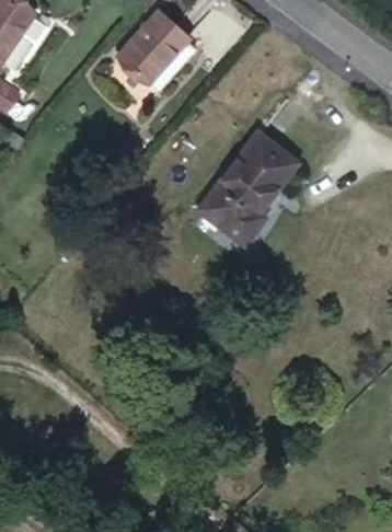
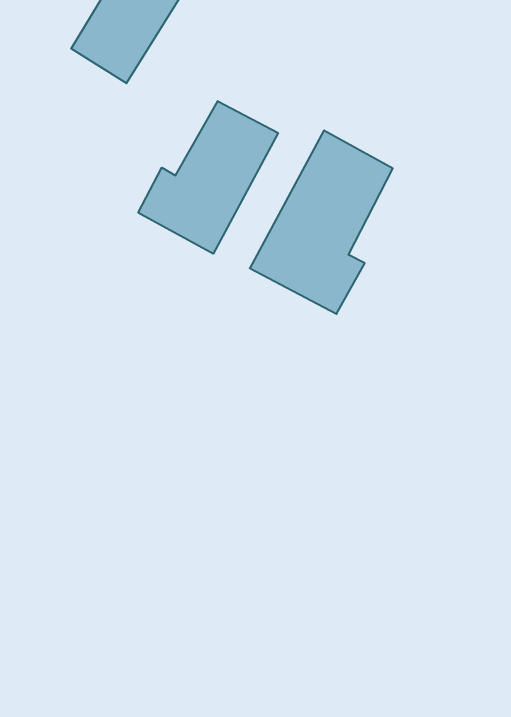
building: none -> [138,101,278,254]

